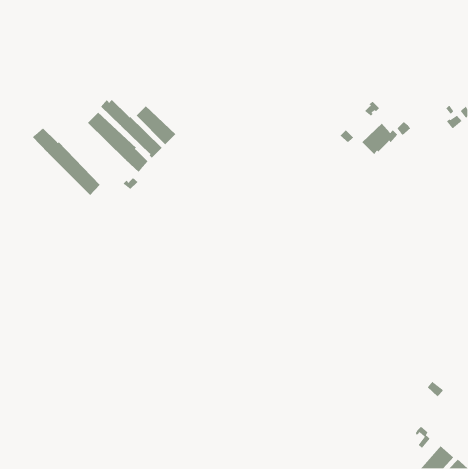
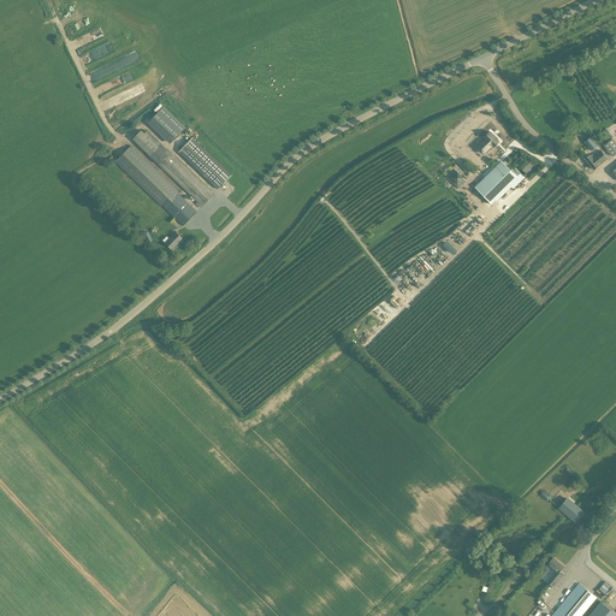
building: none -> [148,107,184,143]
building: [32,127,101,196] -> none

